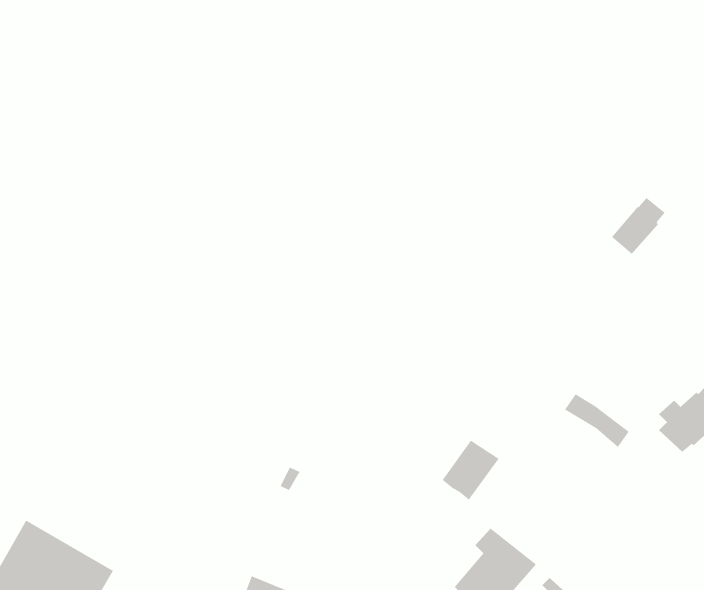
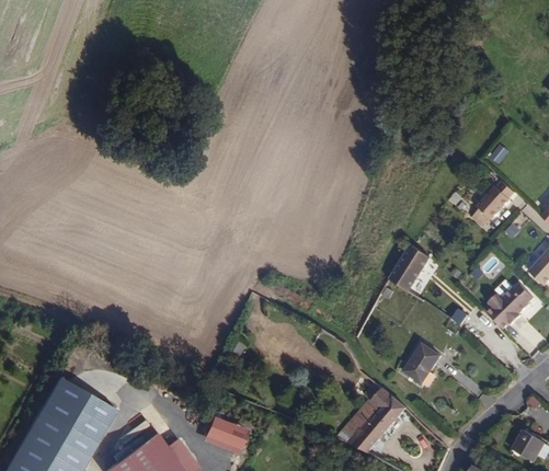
building: [611,197,665,255] -> [478,181,515,220]
building: none -> [389,244,431,291]
building: [442,440,499,501] -> [402,343,442,384]

